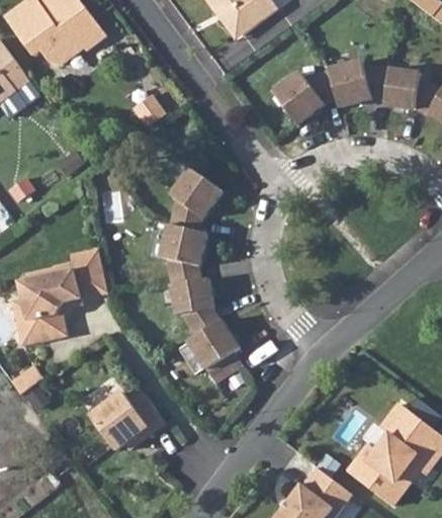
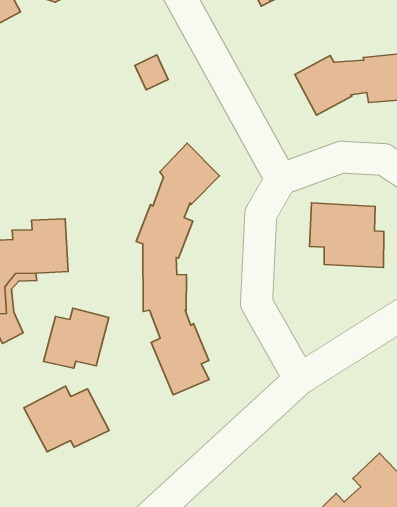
building: none -> [309,203,384,267]
building: none -> [44,308,109,368]

